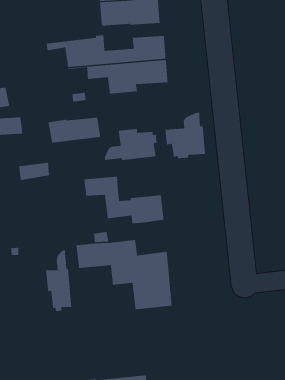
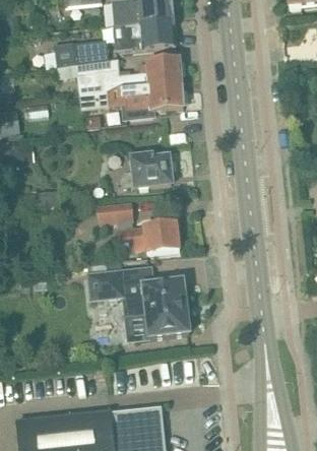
building: [165,112,206,159] -> none
building: [47,117,101,143] -> [53,40,108,67]
building: [45,249,72,312] -> none

